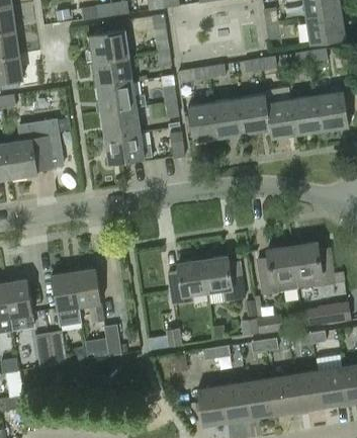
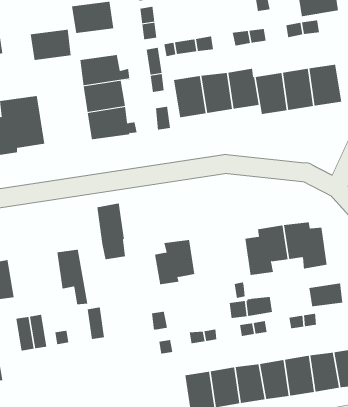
building: [92,57,132,87] -> [30,29,72,61]
building: [202,256,244,297] -> none
building: [52,272,80,327] -> [96,203,126,260]

